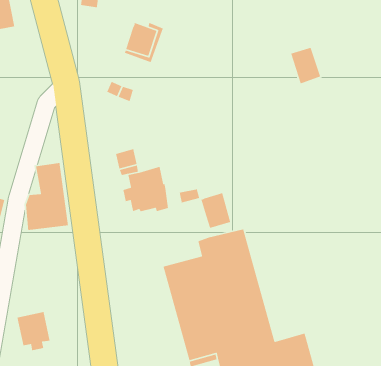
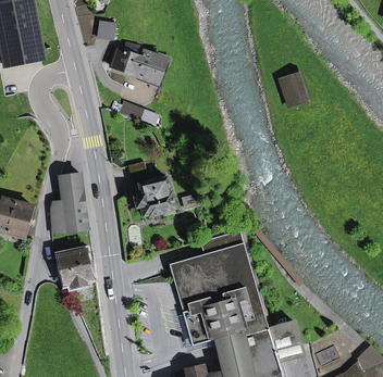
building: none -> [111,43,145,76]
building: [200,192,231,229] -> none
building: [17,311,50,351] -> [61,252,90,287]

